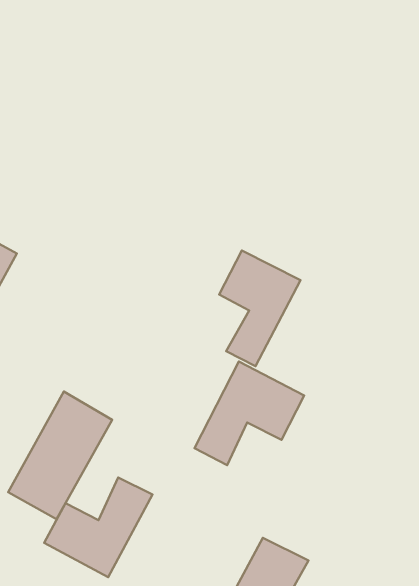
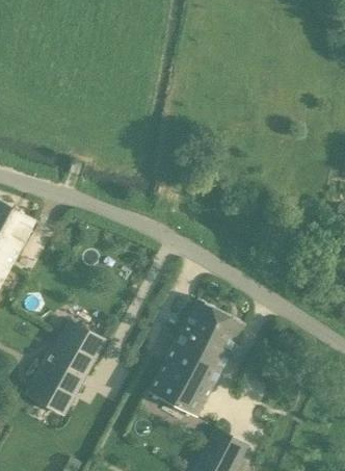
building: [219,251,300,366] -> none
building: [44,478,152,577] -> [149,344,228,417]

